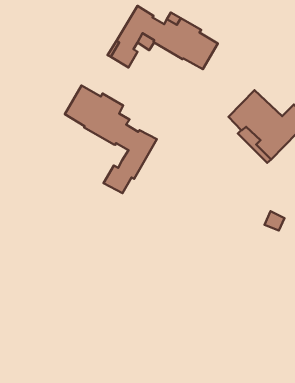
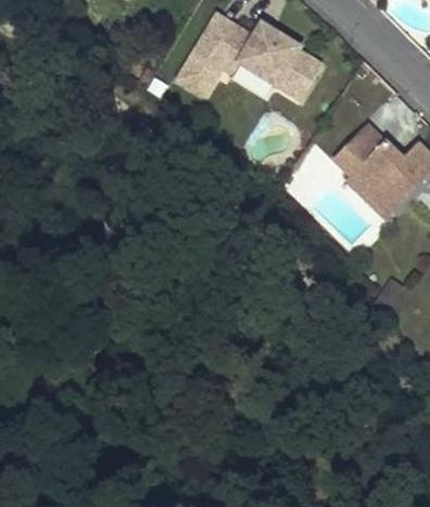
building: [65,85,157,193] -> none

